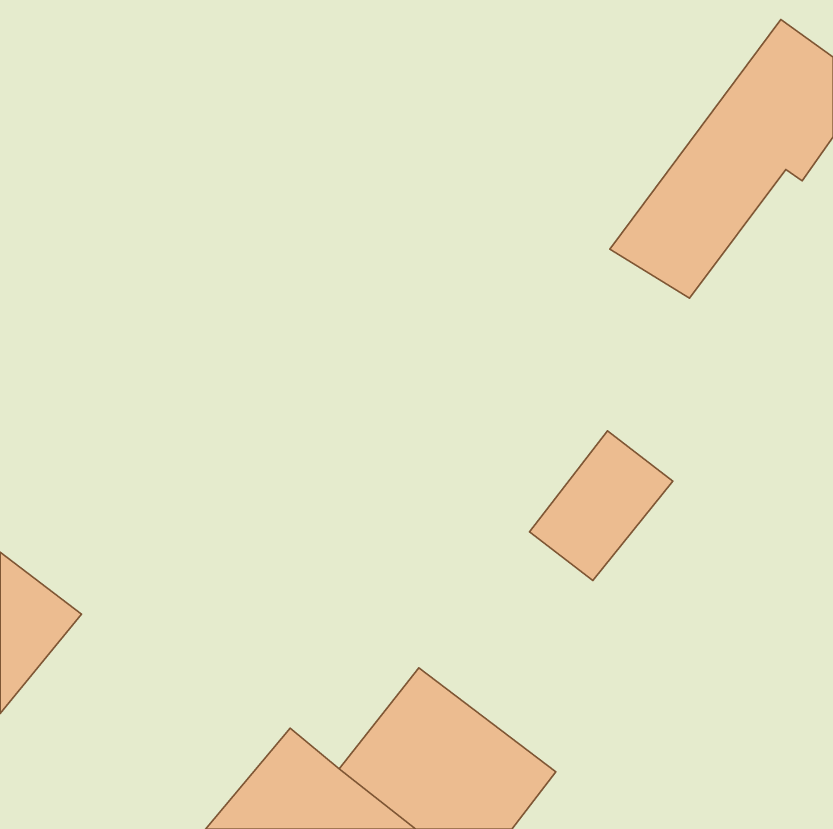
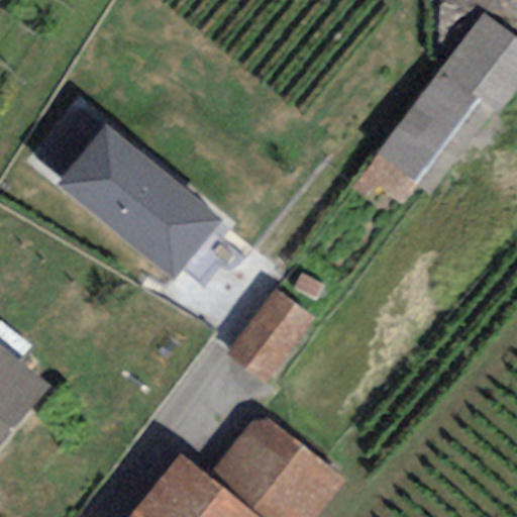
building: none -> [56,122,222,281]
building: [529,431,673,581] -> [227,289,316,382]

